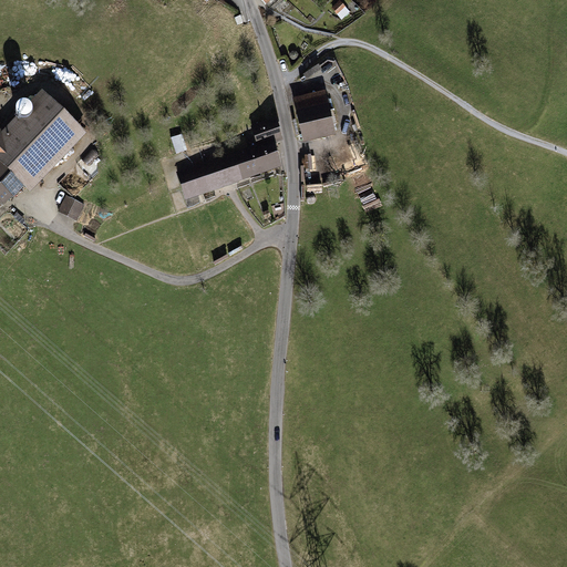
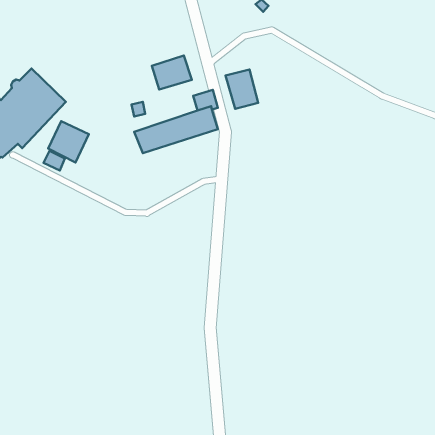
building: none -> [152,56,192,89]
building: none -> [48,121,89,163]

